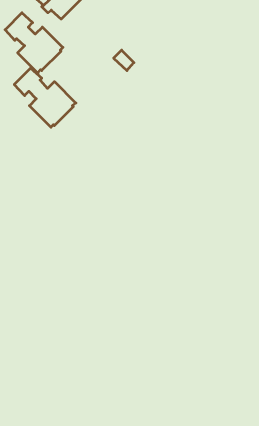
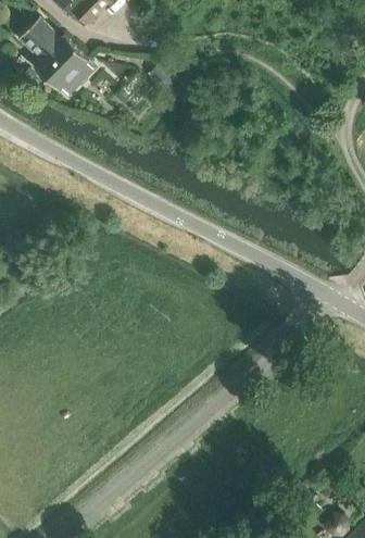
building: [14,68,76,127] -> none

